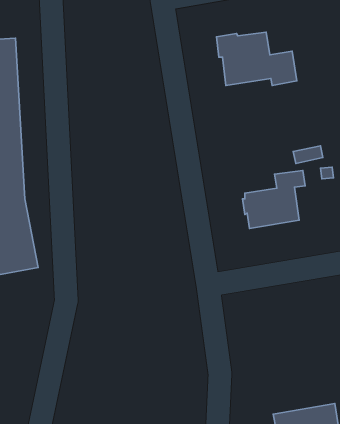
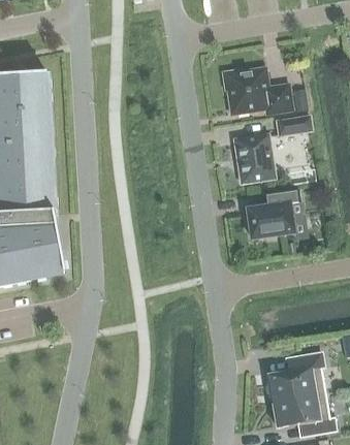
building: none -> [275,114,313,136]
building: none -> [234,134,275,182]
building: none -> [266,352,325,401]

